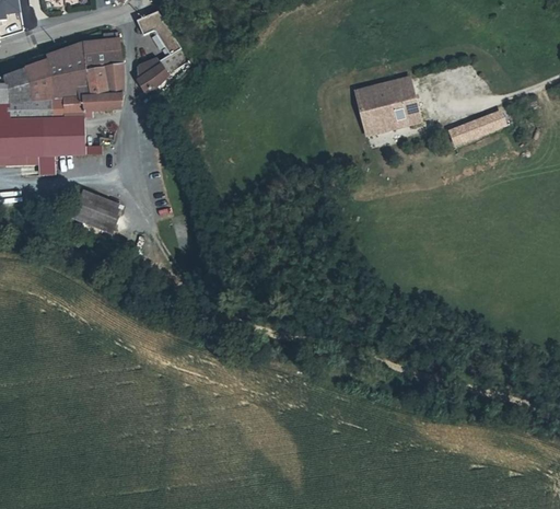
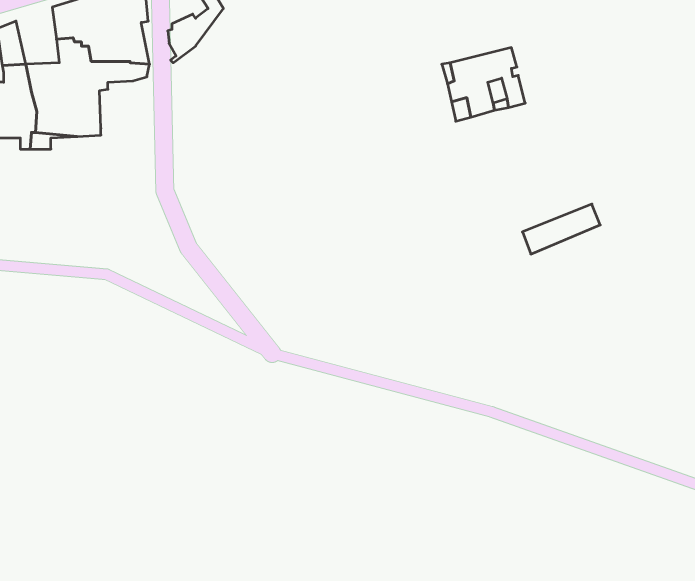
building: [18,51,51,96] -> none
building: [448,108,510,148] -> [522,204,600,254]
building: [71,187,120,231] -> none

